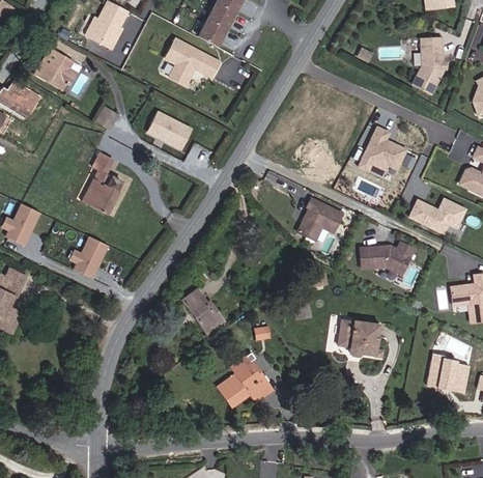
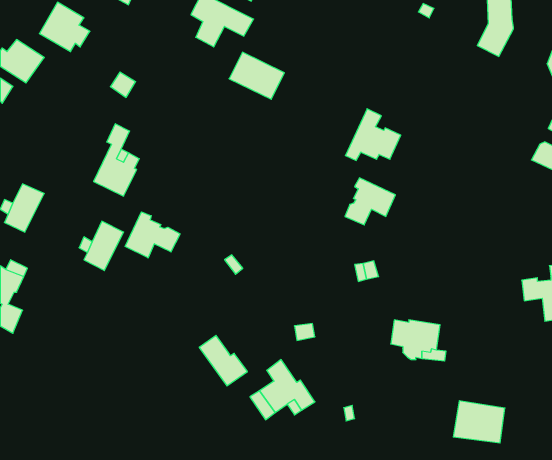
building: [147,109,195,149] -> [229,52,284,99]
building: [359,126,406,171] -> [345,109,401,160]
building: [409,199,465,233] -> none
building: none -> [125,212,180,258]
building: [360,243,414,274] -> none
building: [182,289,224,333] -> [199,335,247,386]
building: [427,355,472,391] -> [453,401,505,443]

